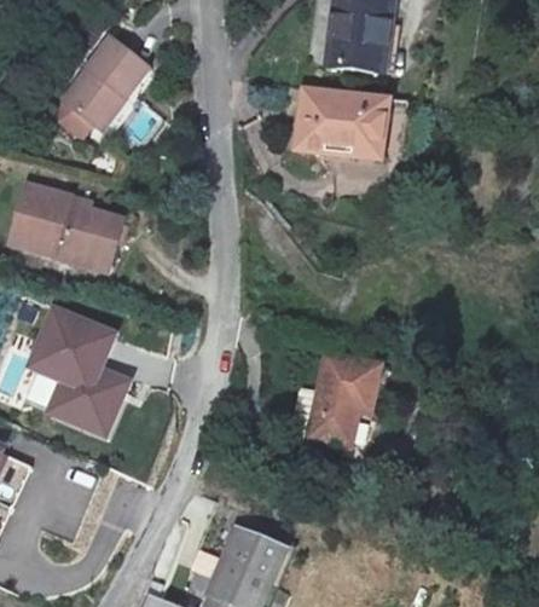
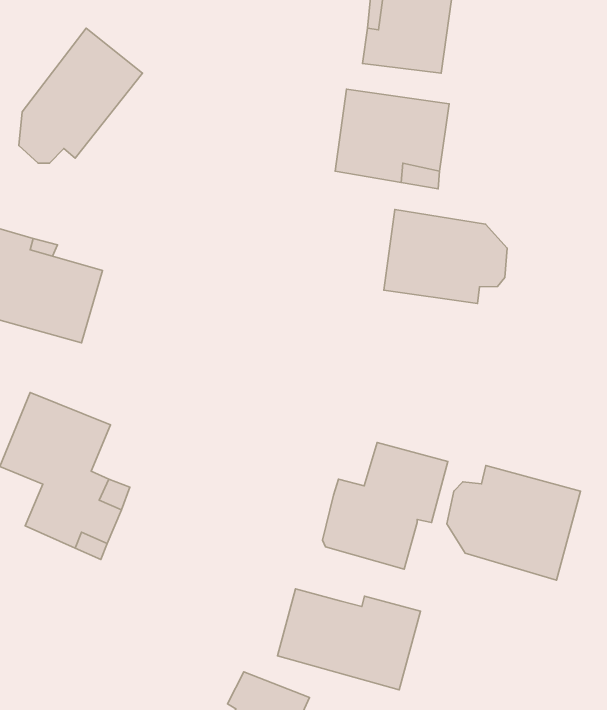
building: none -> [384,210,507,303]
building: none -> [447,465,580,580]
building: none -> [278,589,420,690]

